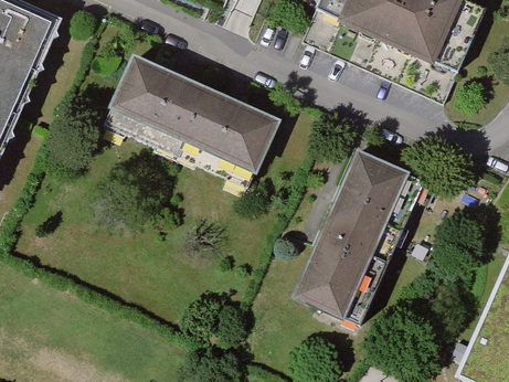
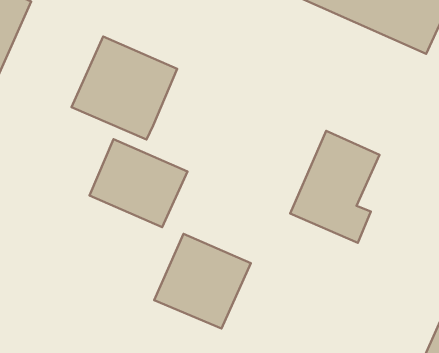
building: [182,85,282,174] -> [89,139,187,227]
building: [291,232,390,328] -> [154,234,251,328]

